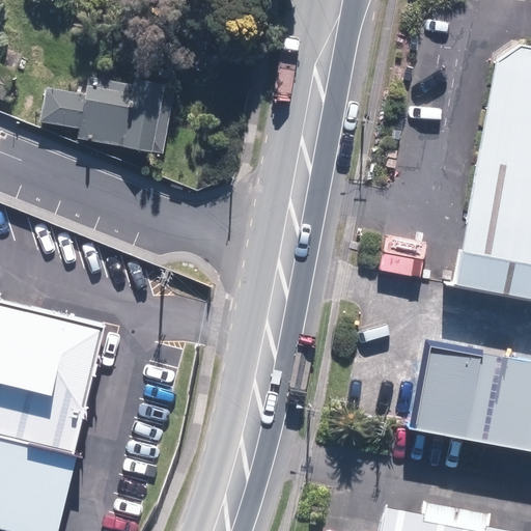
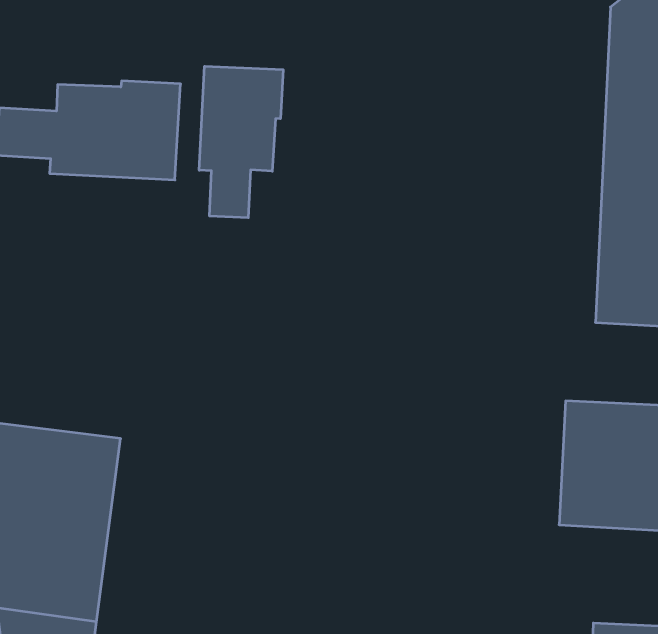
building: none -> [199,66,283,218]

